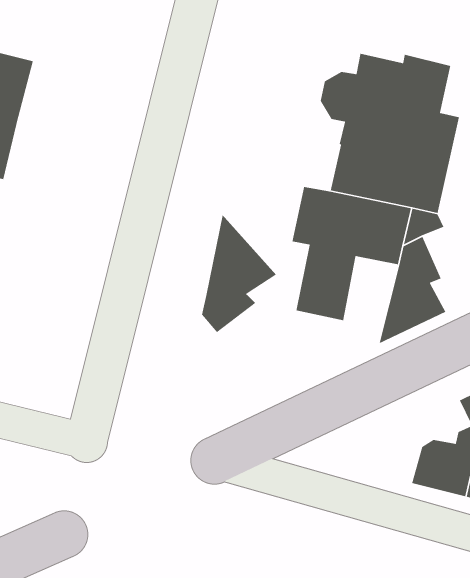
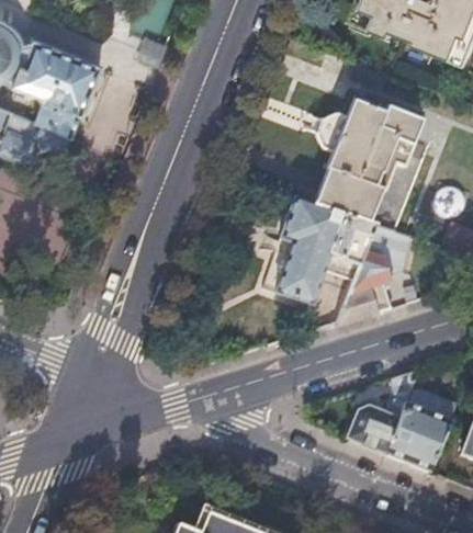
building: [201,214,277,333] -> none

